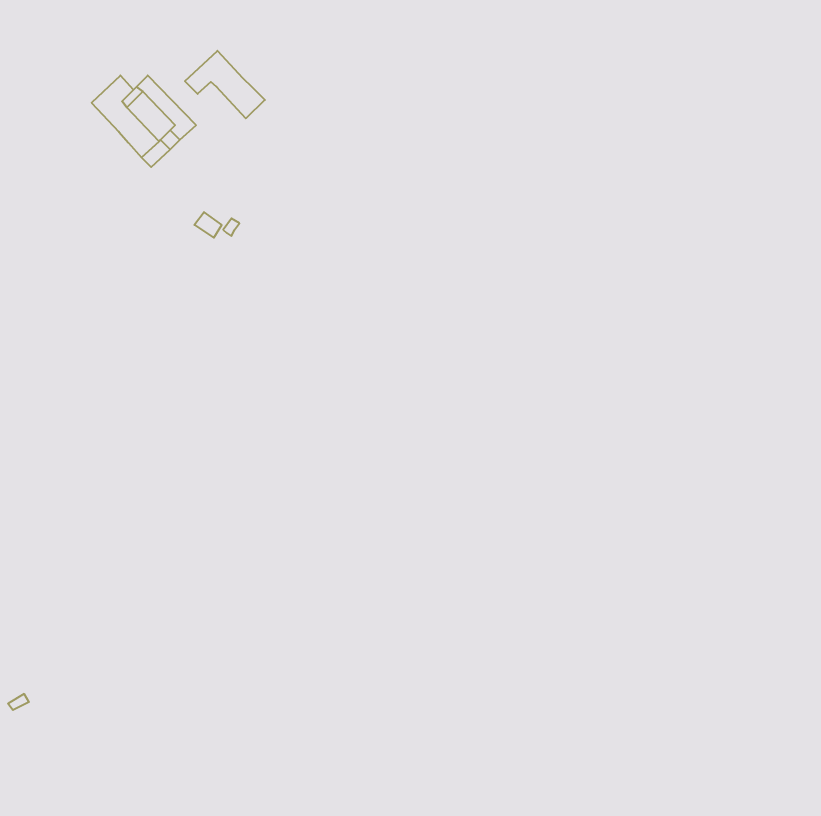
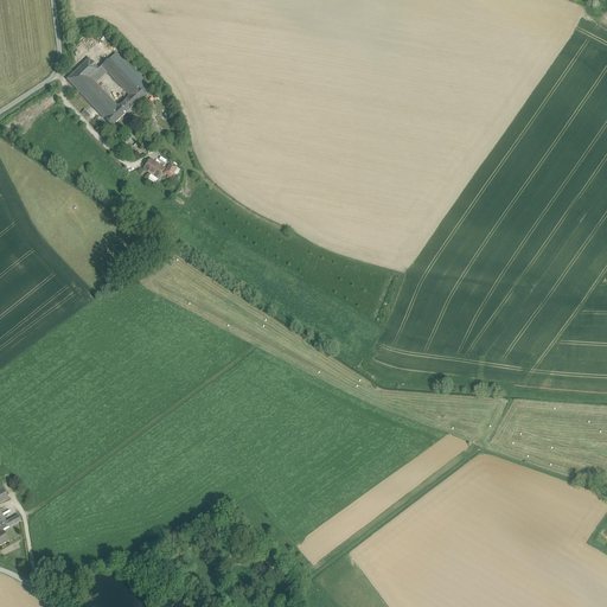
building: [185,51,265,118] -> none

